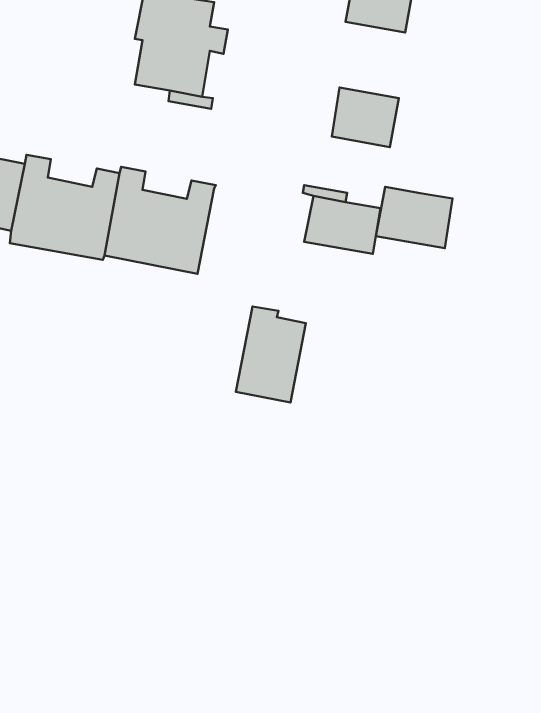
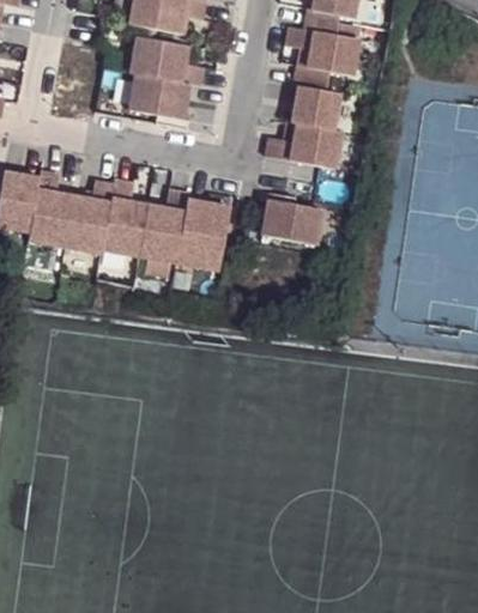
building: none -> [280,83,337,125]
building: [376,187,453,248] -> none
building: [236,306,306,403] -> [179,196,234,272]

